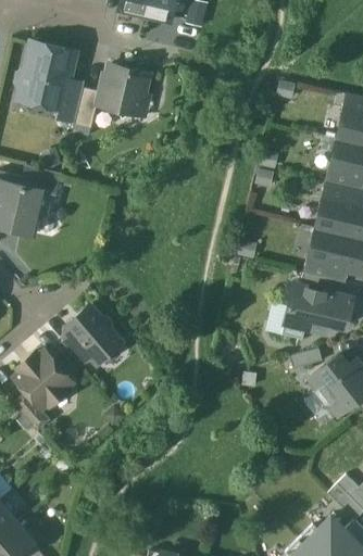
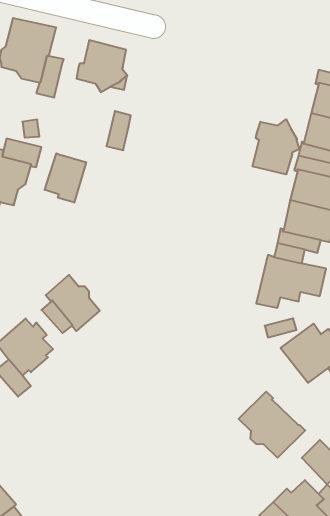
building: [74,87,99,127] -> [106,111,131,150]
building: none -> [252,119,299,174]
building: none -> [45,153,86,203]
building: none -> [239,392,305,458]

